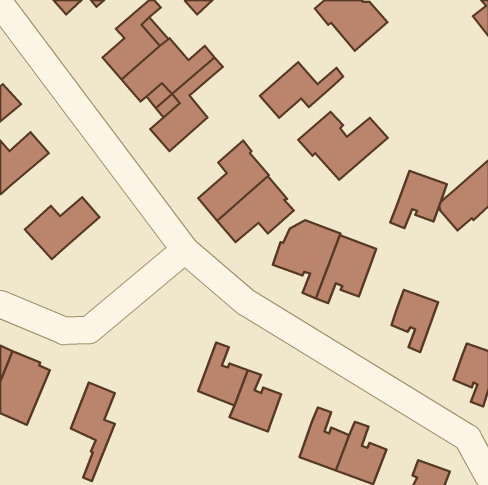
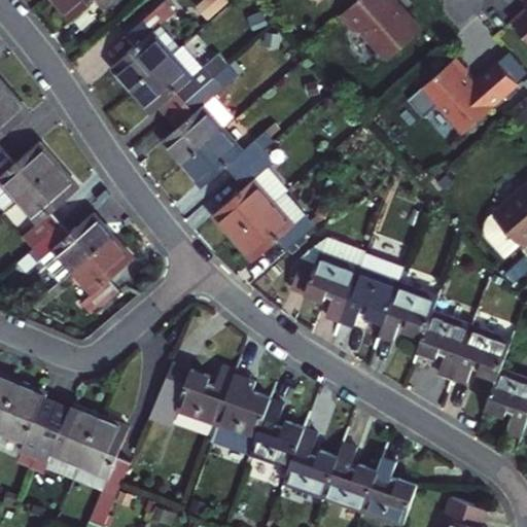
building: [260,62,343,118] -> [183,131,273,190]
building: [298,112,388,180] -> [416,56,513,129]
building: none -> [12,169,73,251]
building: [390,171,447,228] -> [381,284,442,346]
building: none -> [68,238,127,315]
building: none -> [453,329,514,388]
building: none -> [145,363,234,425]
building: none -> [30,402,97,479]
building: none -> [284,428,337,496]

